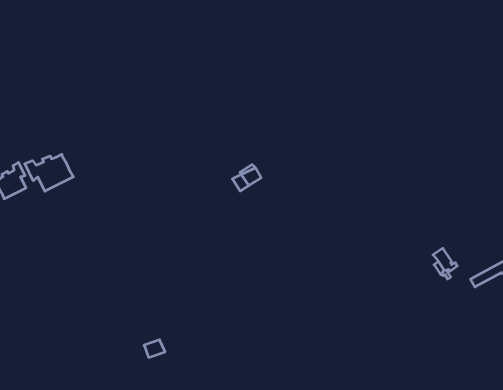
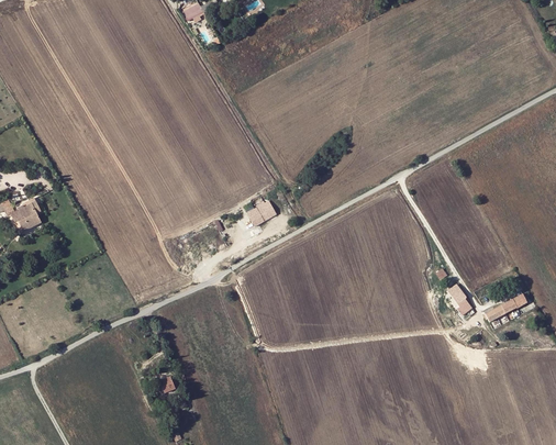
building: [25,154,73,191] -> none

